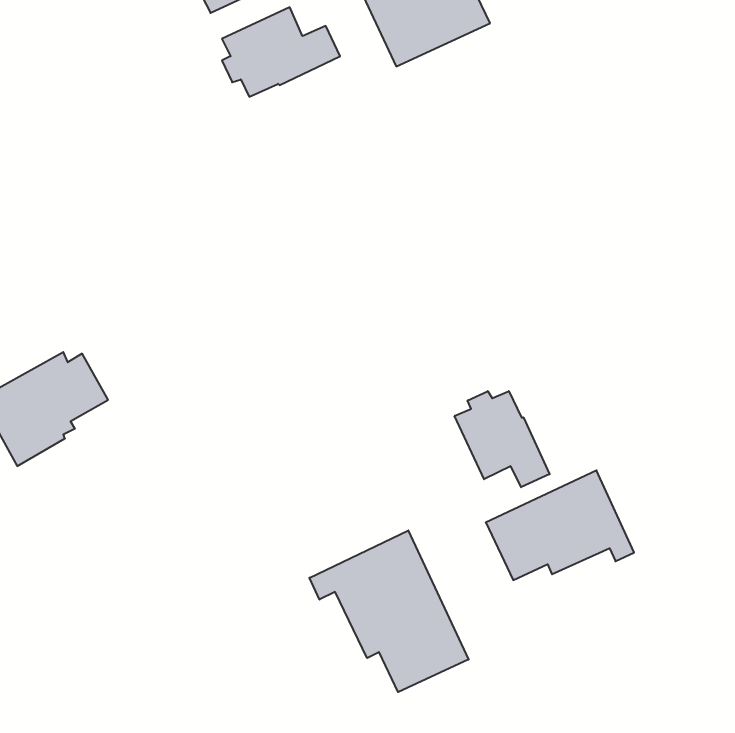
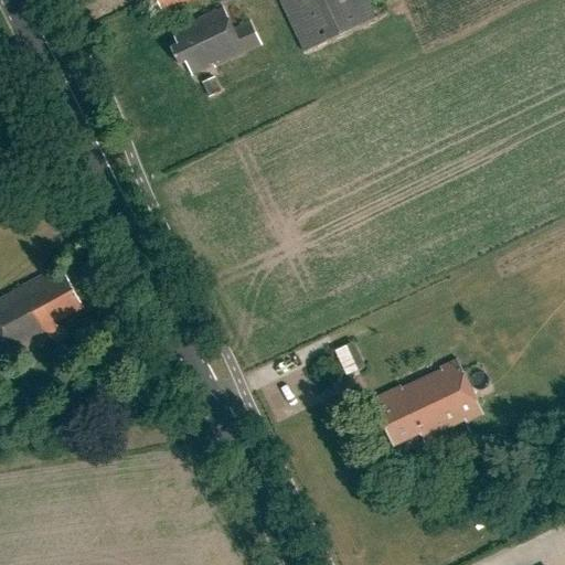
building: [455,391,550,487] -> none
building: [309,530,469,692] -> none

